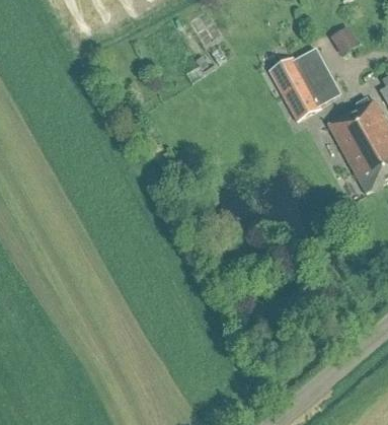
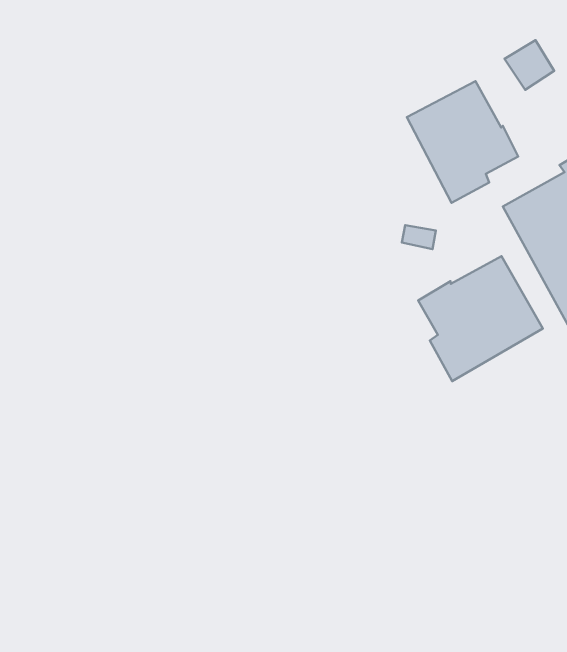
building: none -> [418,256,543,381]

